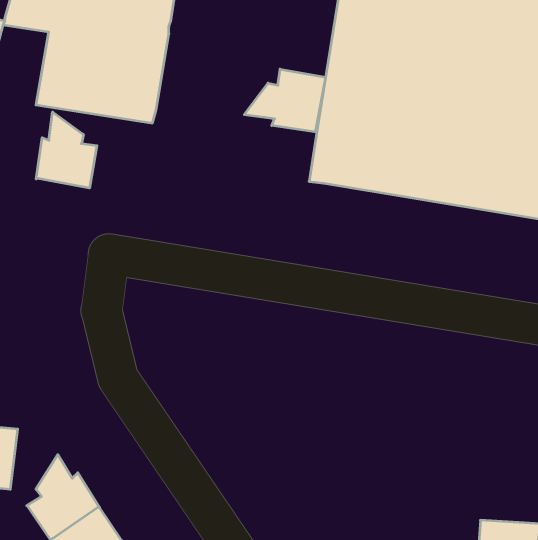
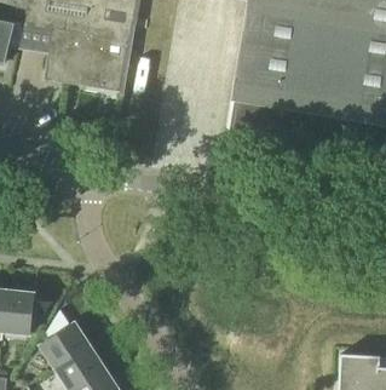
building: [244,69,326,132] -> none
building: [36,112,97,188] -> none

